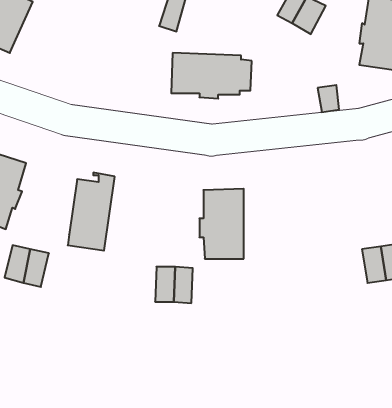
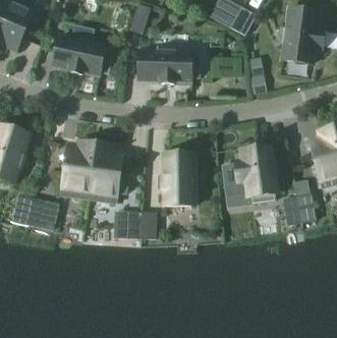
building: none -> [52,35,112,74]
building: none -> [88,143,128,203]
building: none -> [222,144,278,203]

